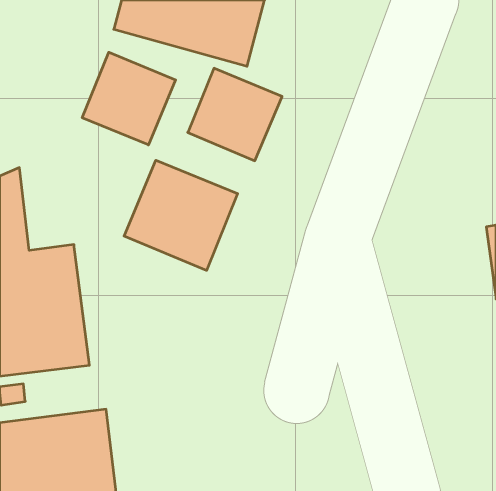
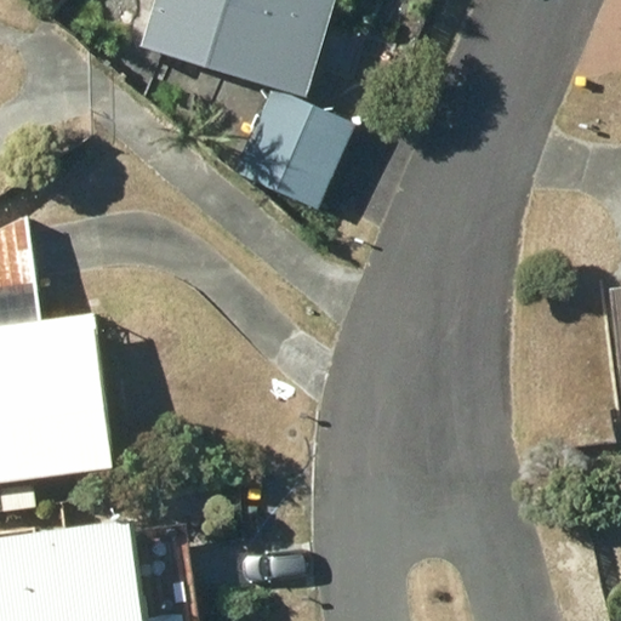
building: [82,52,176,145] -> none
building: [124,160,238,270] -> none

